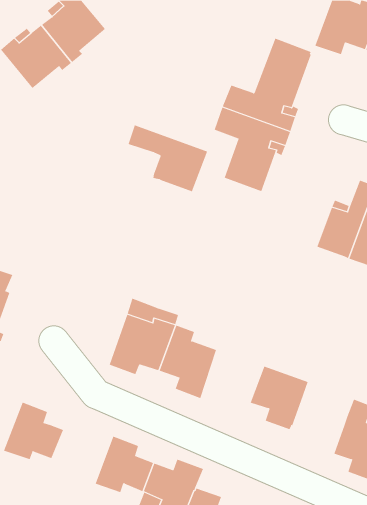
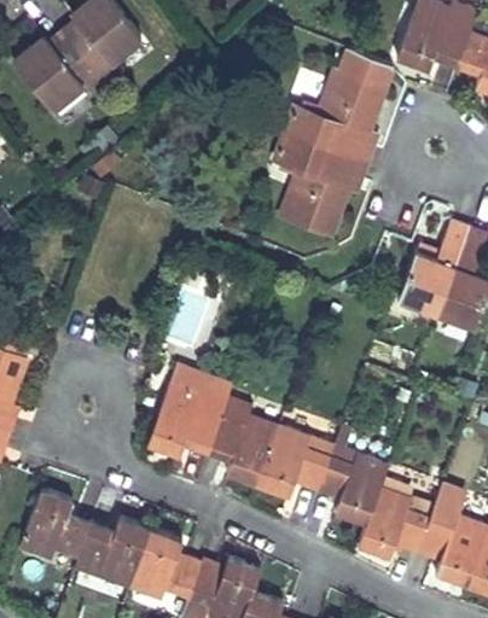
building: [128,125,208,192] -> none
building: none -> [258,426,335,496]
building: none -> [359,488,431,556]
building: none -> [75,518,152,588]

